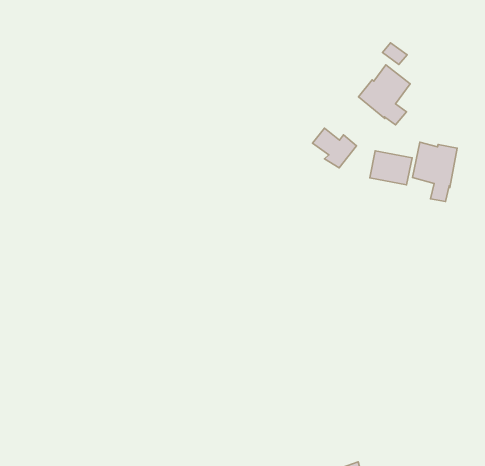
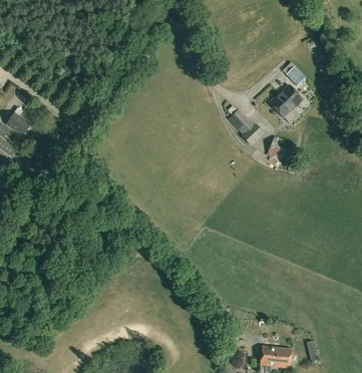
building: [413,142,457,202] -> none

